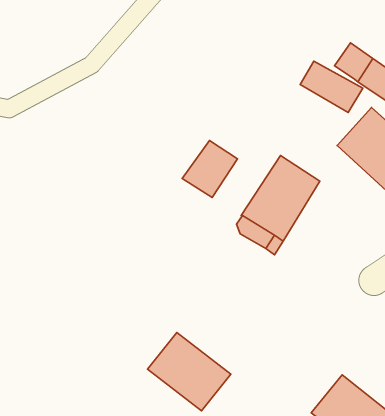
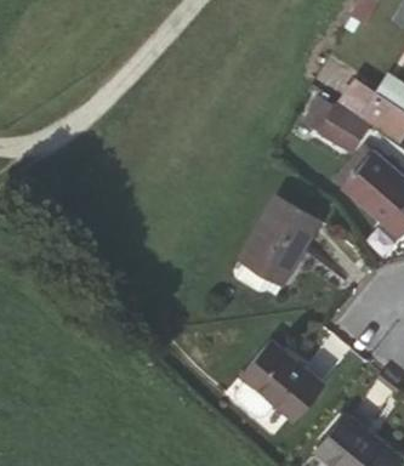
building: [182,140,237,198] -> none
building: [147,332,231,411] -> [237,339,319,416]

